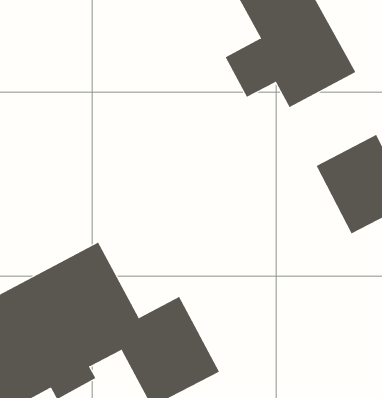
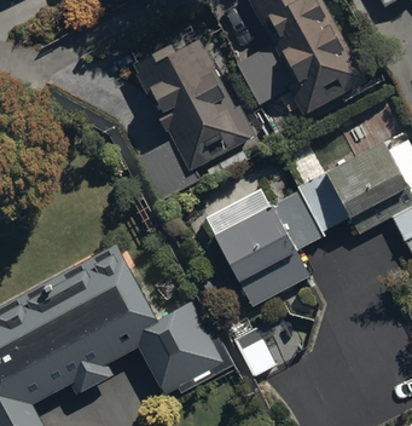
building: none -> [129,35,256,201]
building: none -> [211,174,348,305]

